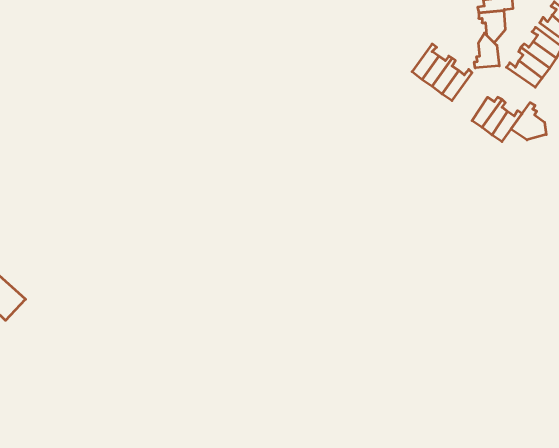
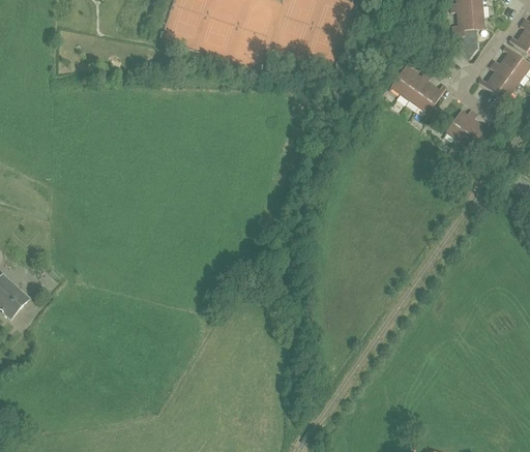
building: [474,33,499,68] -> none
building: [511,103,546,140] -> none

